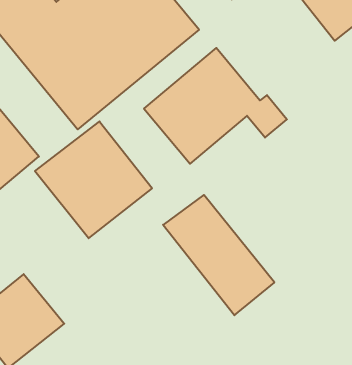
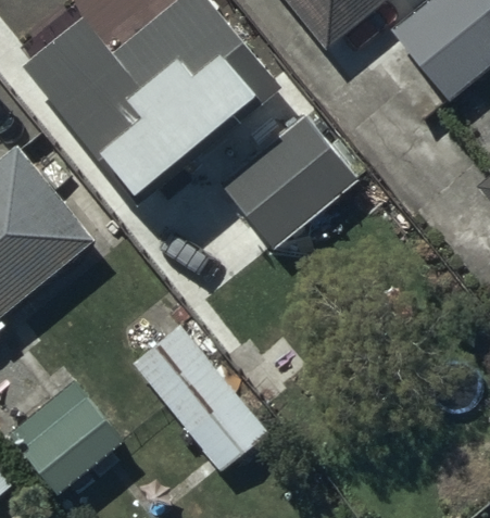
building: [35,121,152,238] -> none
building: [163,195,274,315] -> [134,326,267,470]

